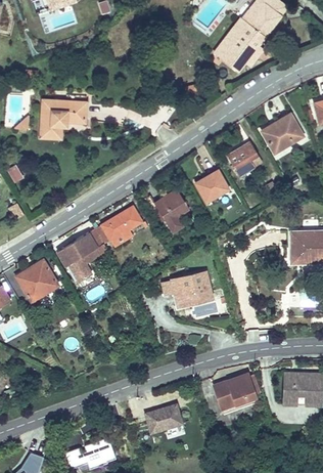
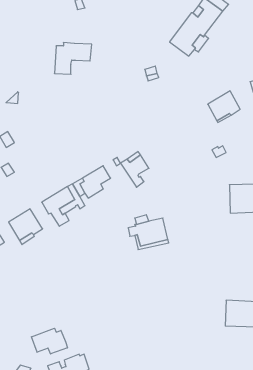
building: [41,100,87,139] -> [54,43,92,74]
building: [227,141,262,176] -> none
building: [195,170,229,203] -> none
building: [214,374,258,415] -> none
building: [145,404,182,432] -> none
building: none -> [31,328,67,354]

